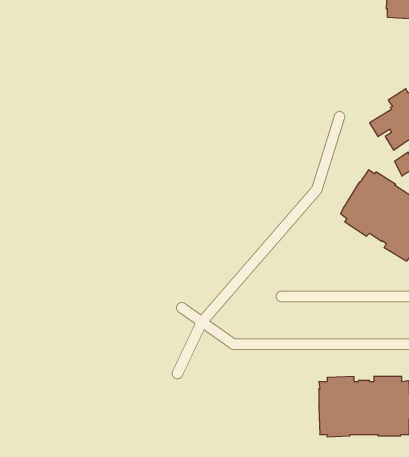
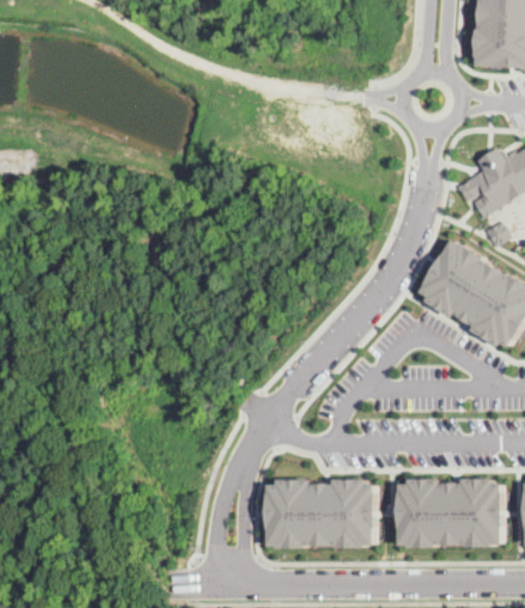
building: none -> [265,479,371,547]

